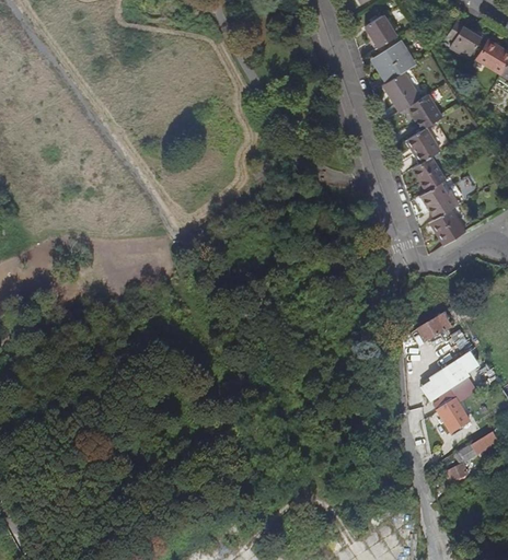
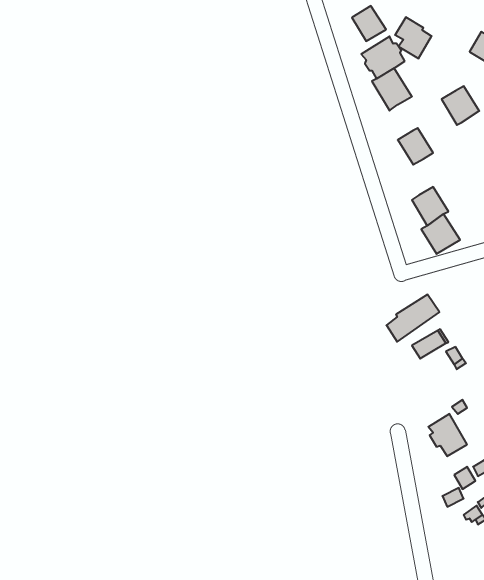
building: [447,20,481,58] -> [395,17,432,58]
building: [407,94,442,130] -> [442,86,479,125]
building: [413,156,446,190] -> none
building: [420,360,470,404] -> [386,295,439,342]

